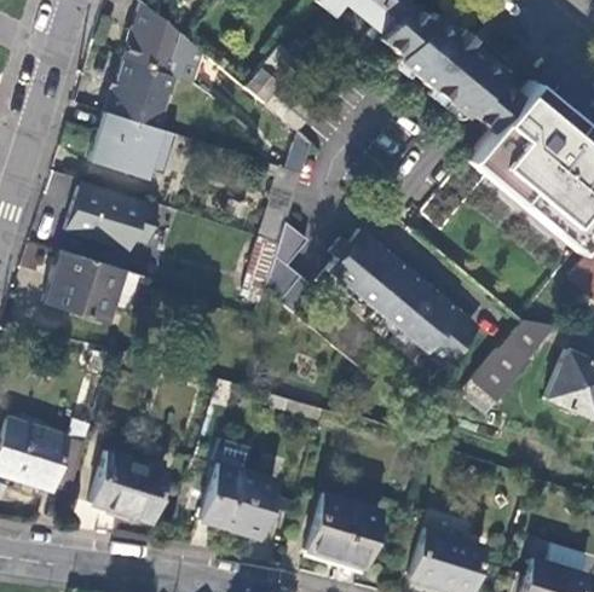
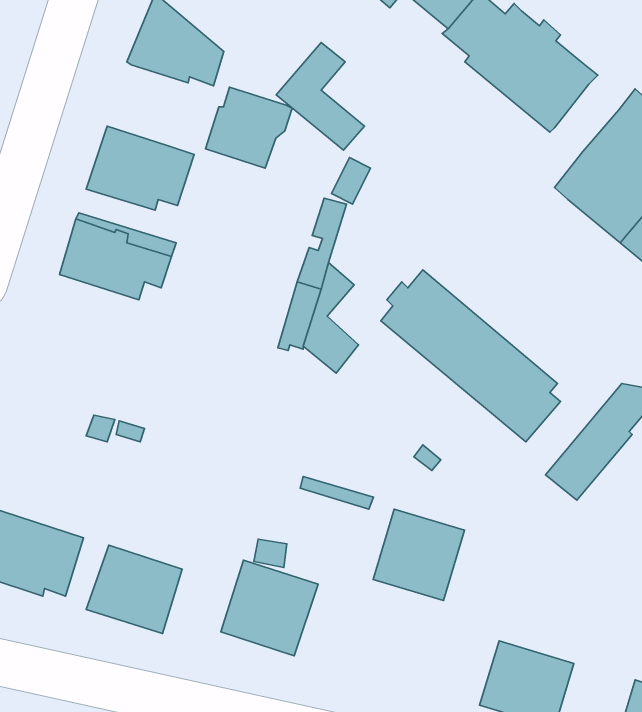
building: [105,62,175,127] -> [205,87,292,168]
building: [467,77,519,132] -> none
building: [44,249,122,324] -> none
building: [305,494,379,568] -> [373,509,464,600]

